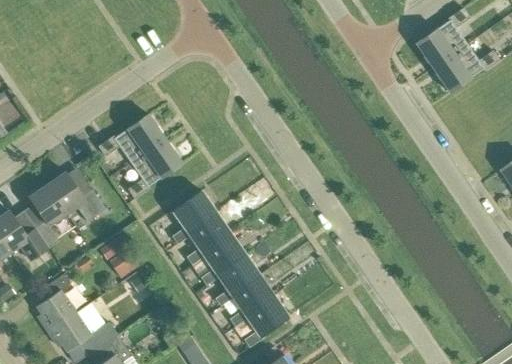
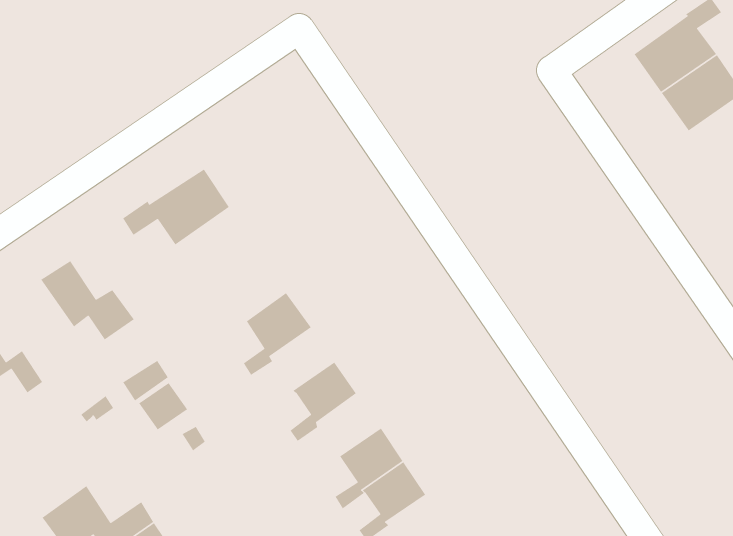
building: [128,139,182,199] -> none
building: [29,184,68,248] -> none
building: [187,214,230,265] -> none
building: [216,255,259,306] -> none
building: [37,274,76,332] -> none

